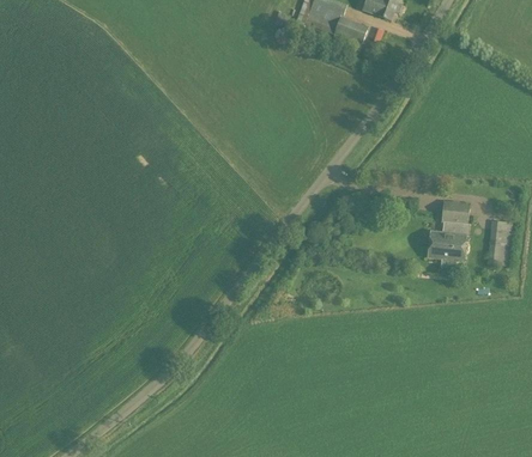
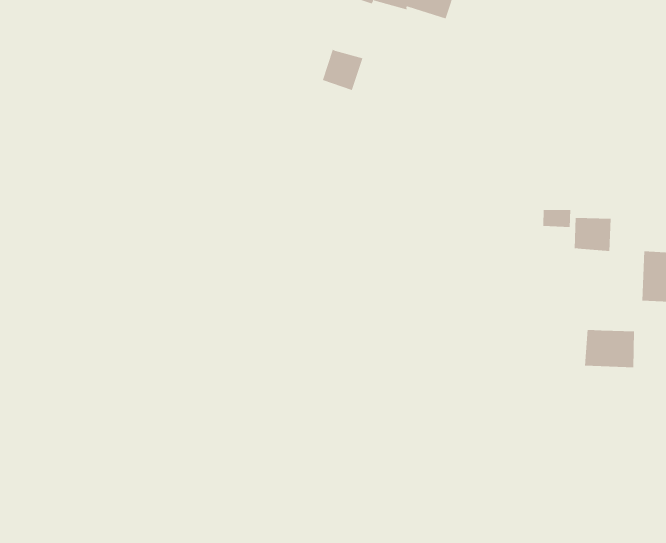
building: none -> [322,49,363,91]
building: [427,230,465,260] -> [584,329,635,368]

